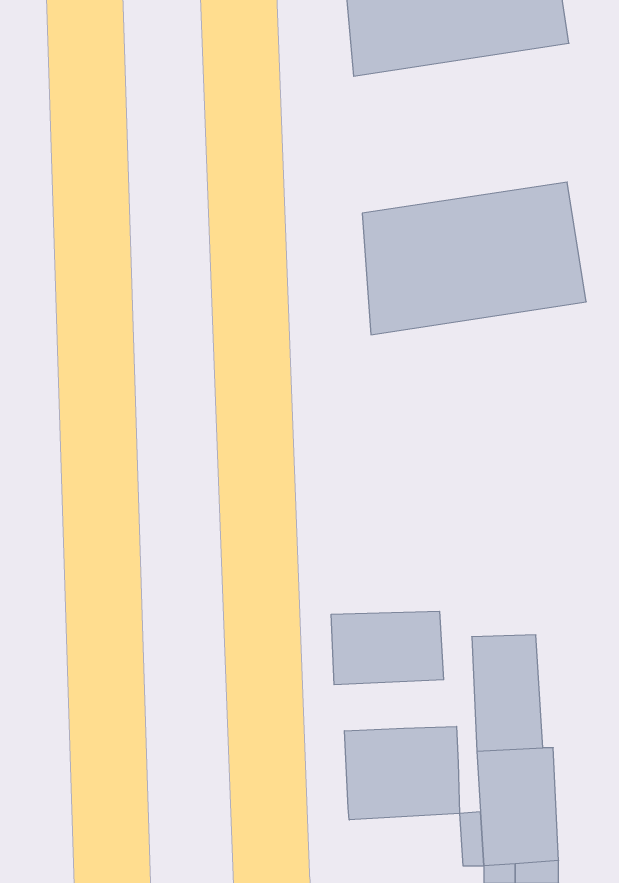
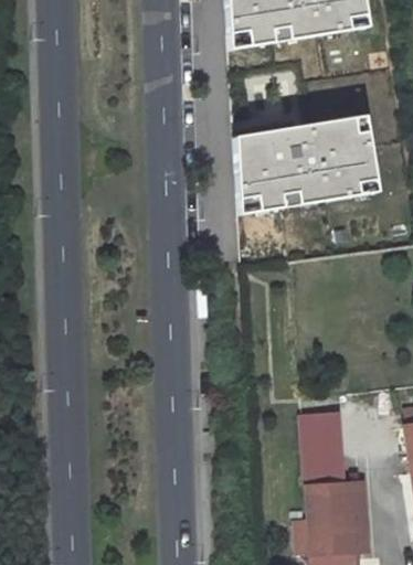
building: [331,611,444,685] -> none
building: [344,726,460,820] -> none

